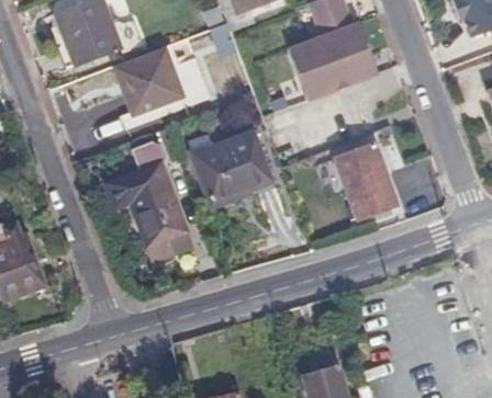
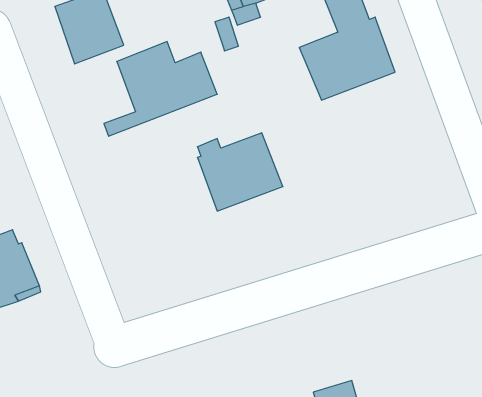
building: [108,144,181,261] -> none
building: [335,144,398,219] -> none

